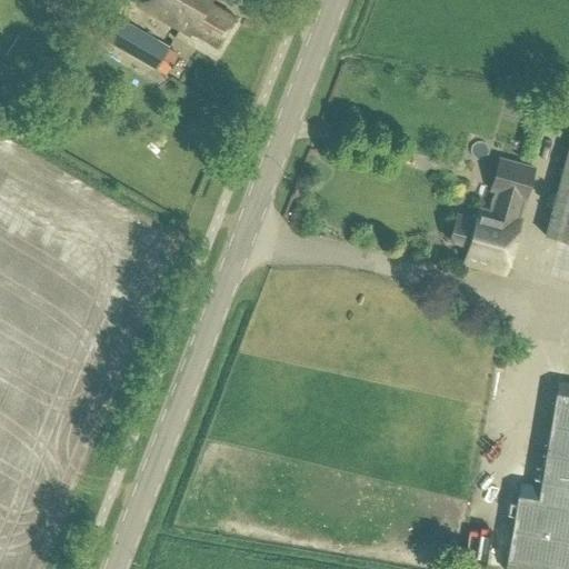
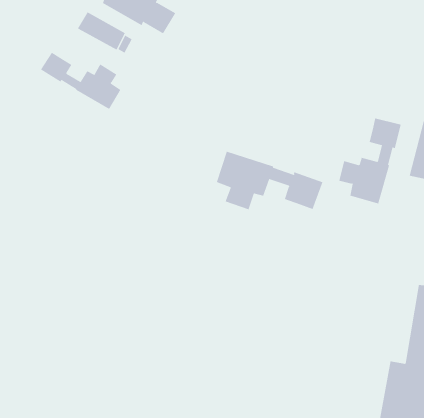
building: none -> [40,52,121,110]
building: none -> [216,151,323,210]

